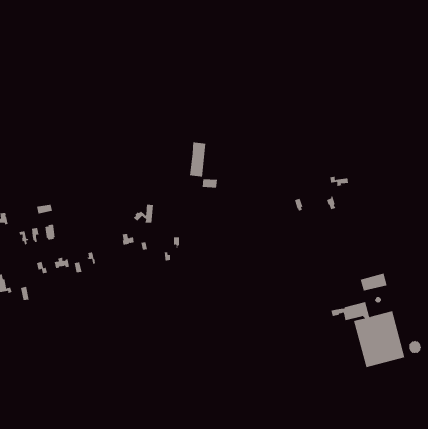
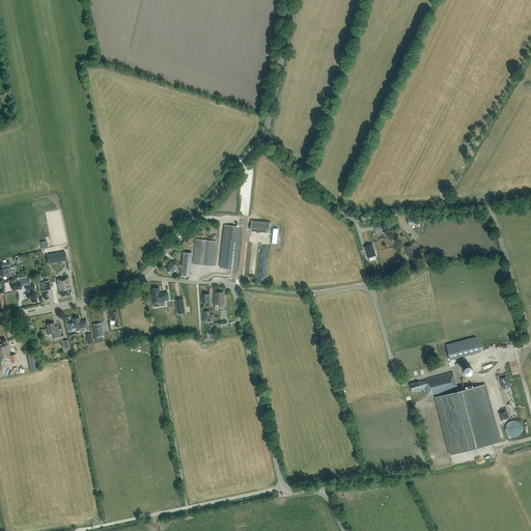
building: [189,142,206,177] -> [219,225,240,269]
building: none -> [192,239,215,267]

